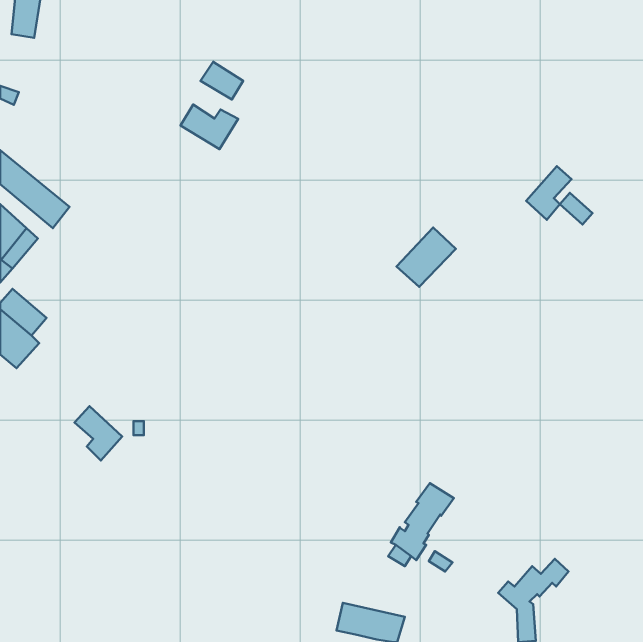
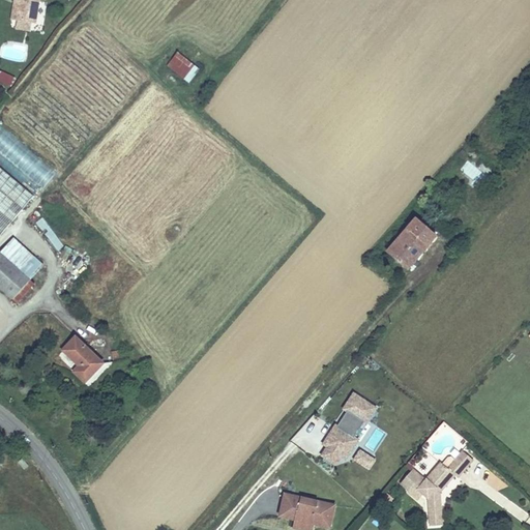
building: [181,105,238,149] -> none
building: [526,166,571,220] -> none
building: [396,227,456,287] -> [385,216,434,265]

